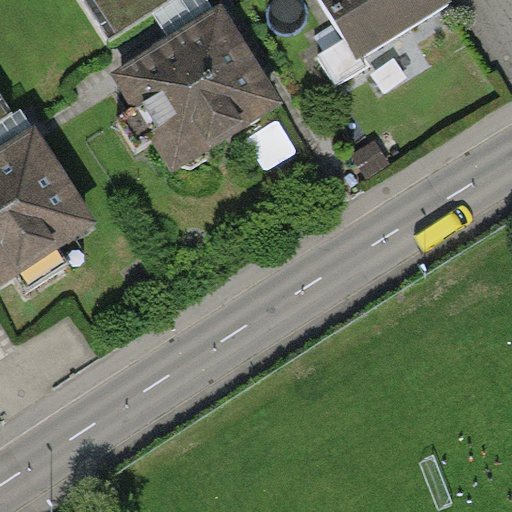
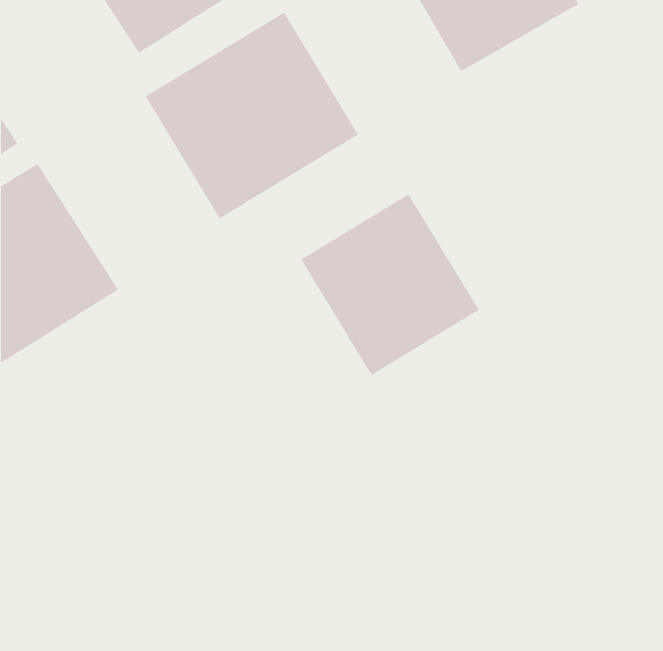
building: none -> [300,194,480,376]

